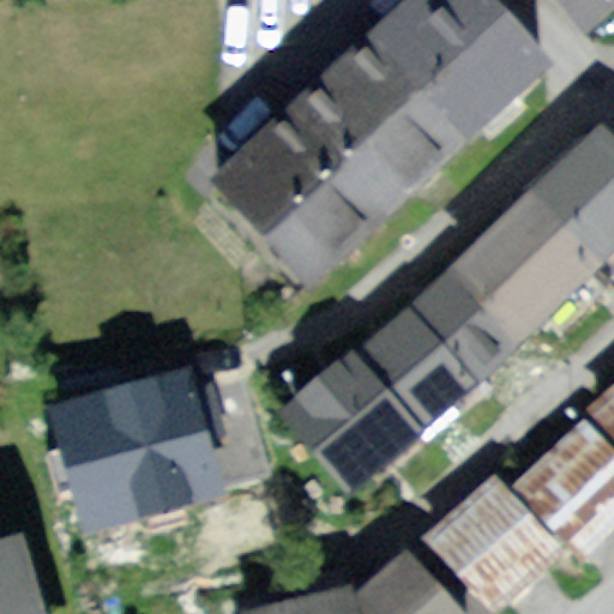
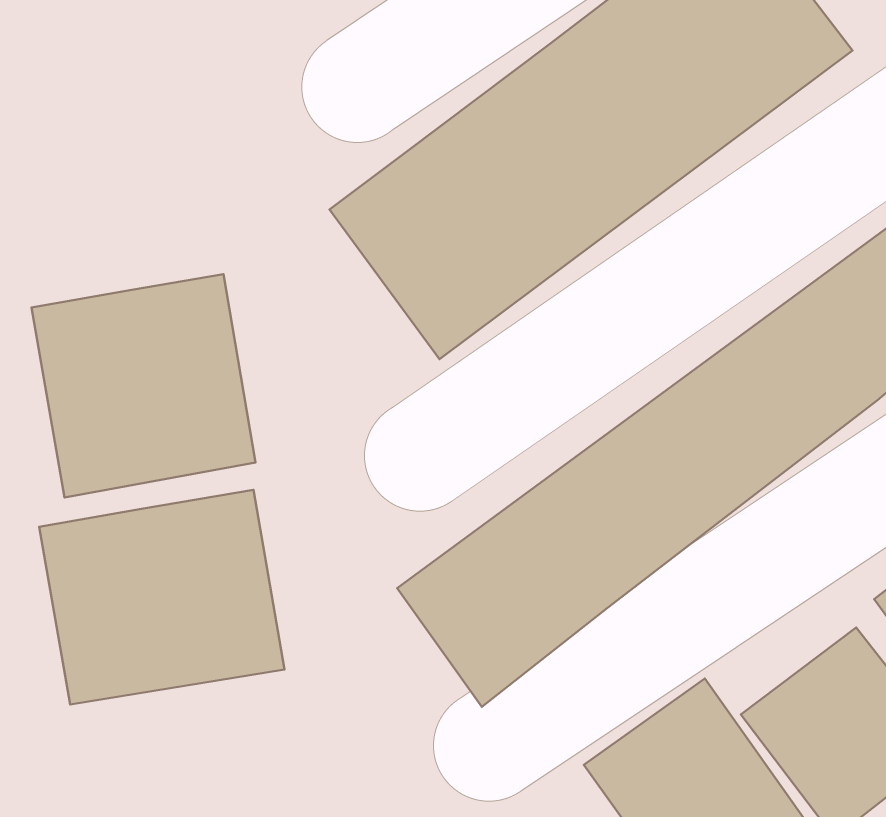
building: none -> [32,274,255,498]

